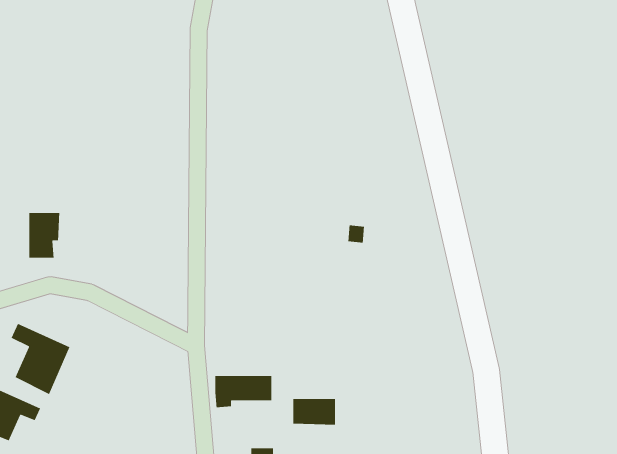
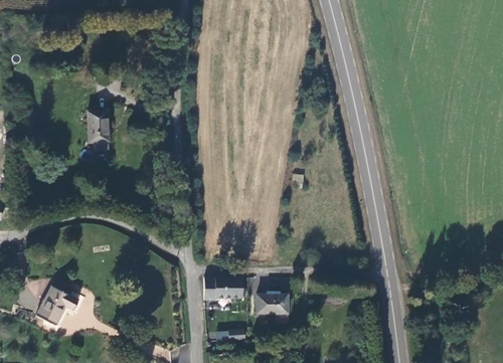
building: [28,212,60,259] -> [90,112,112,144]
building: [11,323,70,395] -> none

